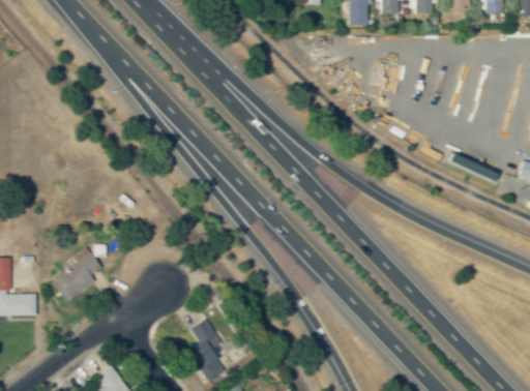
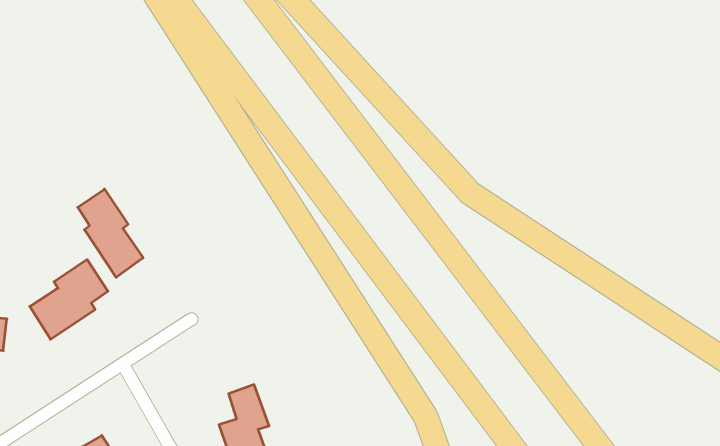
building: none -> [78,189,143,277]

